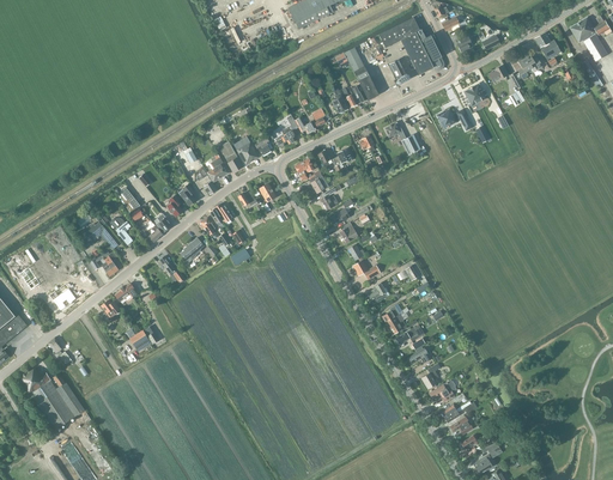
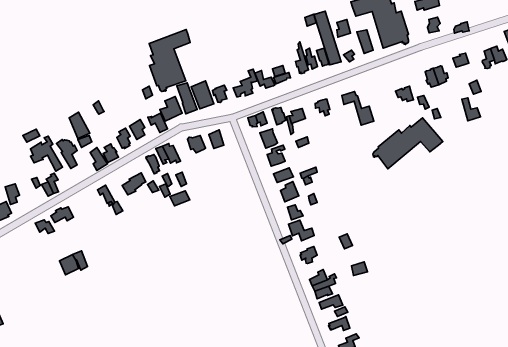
building: none -> [149,30,190,91]
building: none -> [373,118,443,169]

